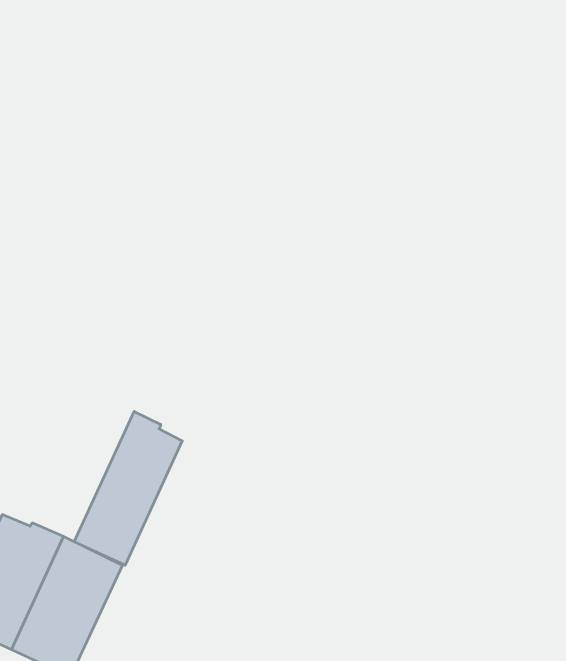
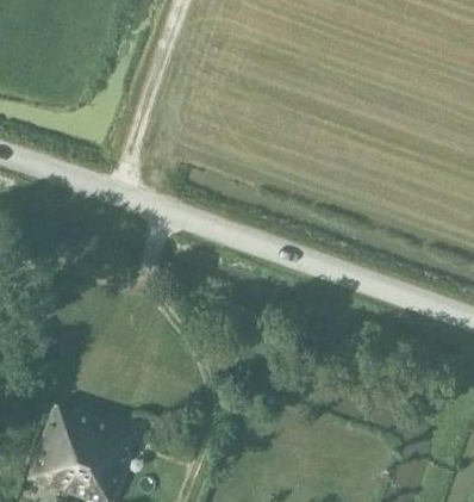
building: [74,411,182,565] -> none

